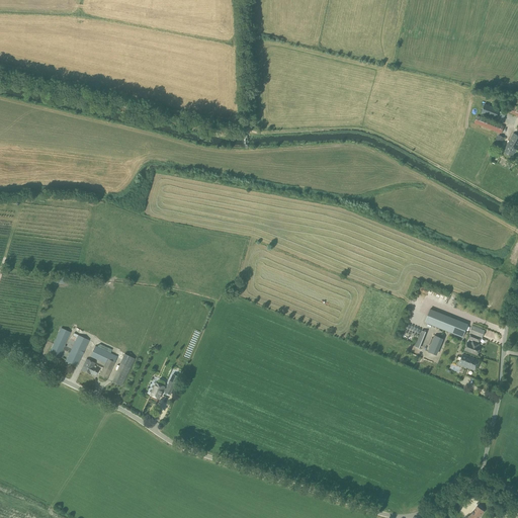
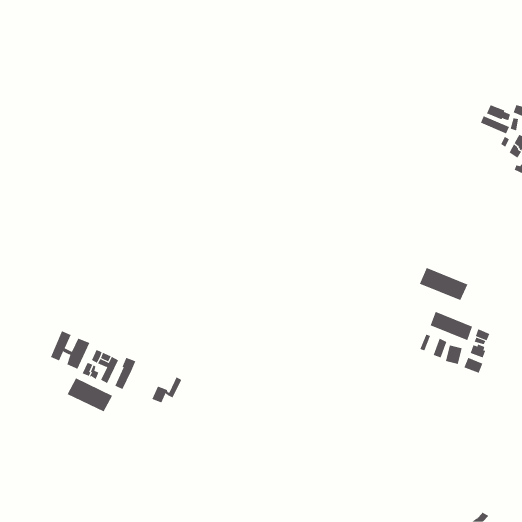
building: none -> [419,267,468,301]
building: none -> [67,378,113,412]

